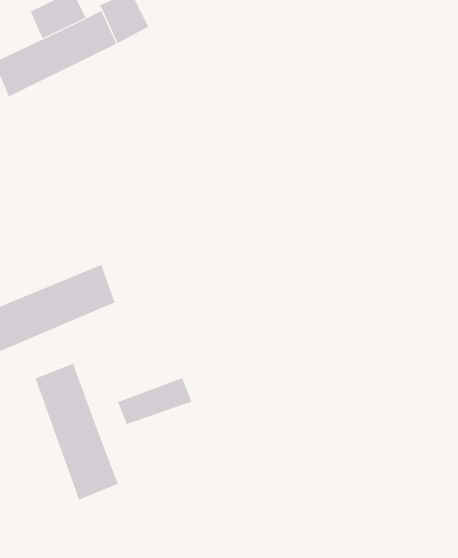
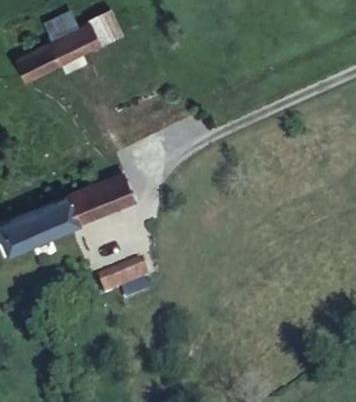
building: none -> [90,176,133,214]
building: [35,363,119,501] -> none

